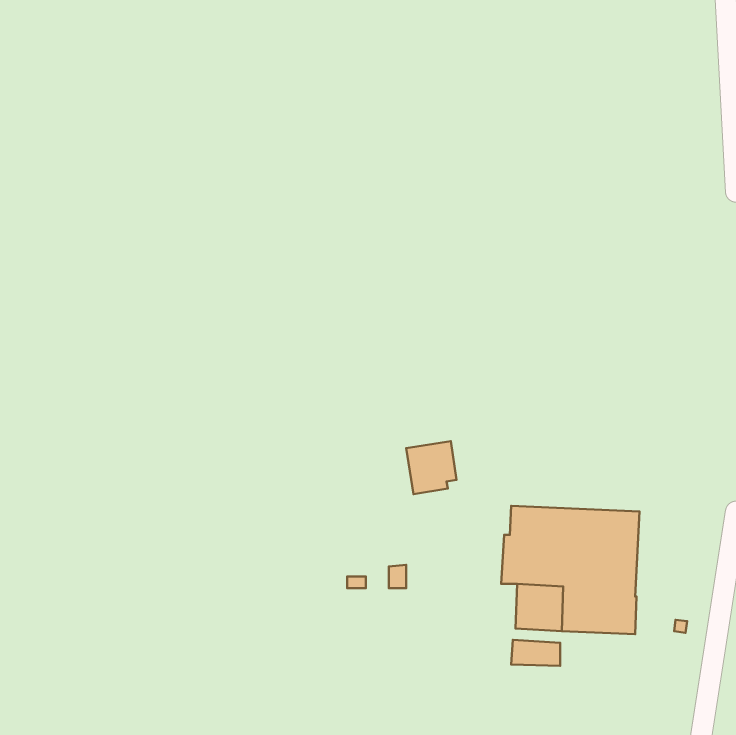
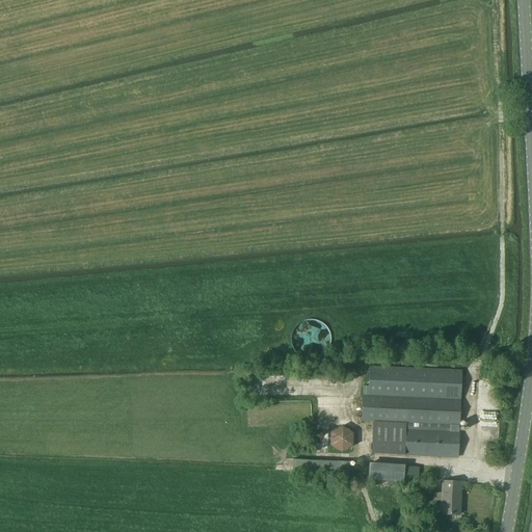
building: none -> [327,423,355,453]
building: none -> [433,480,460,514]

